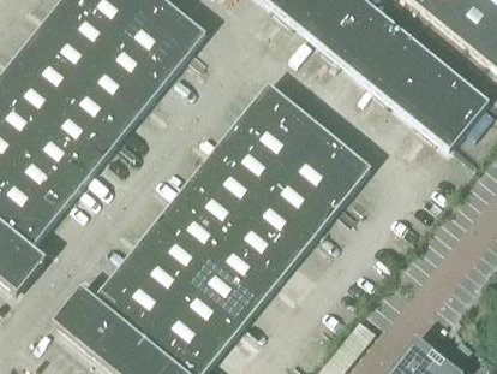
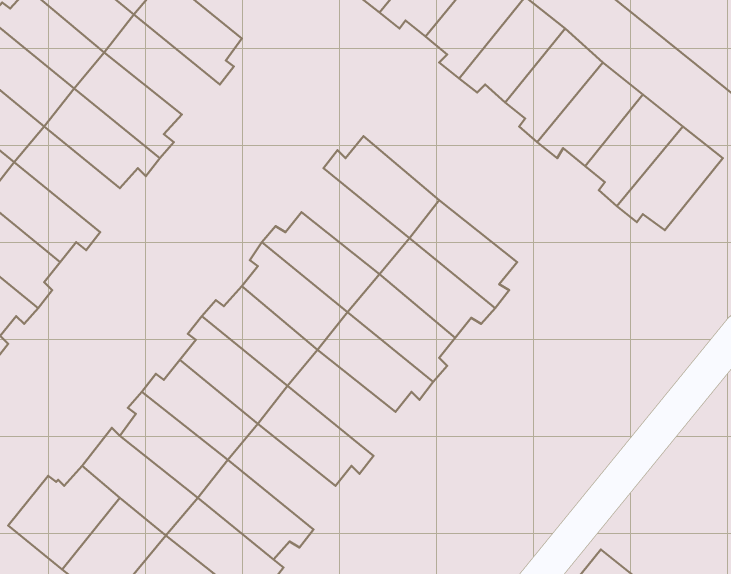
building: [115,14,185,75] -> none
building: [61,82,125,146] -> none
building: [234,107,299,171] -> none
building: [226,216,291,280] -> none
building: [190,261,255,325] -> none

